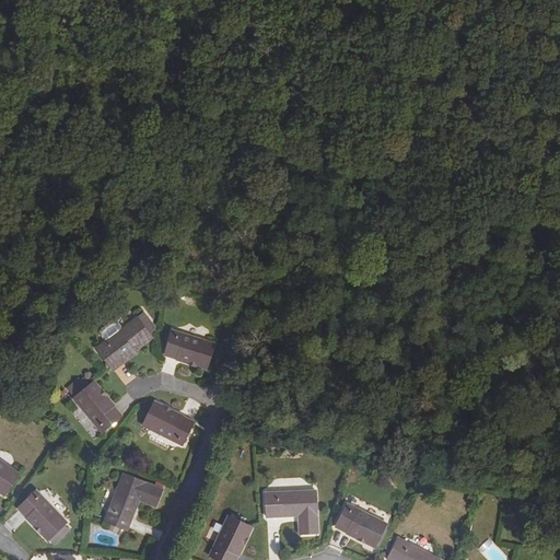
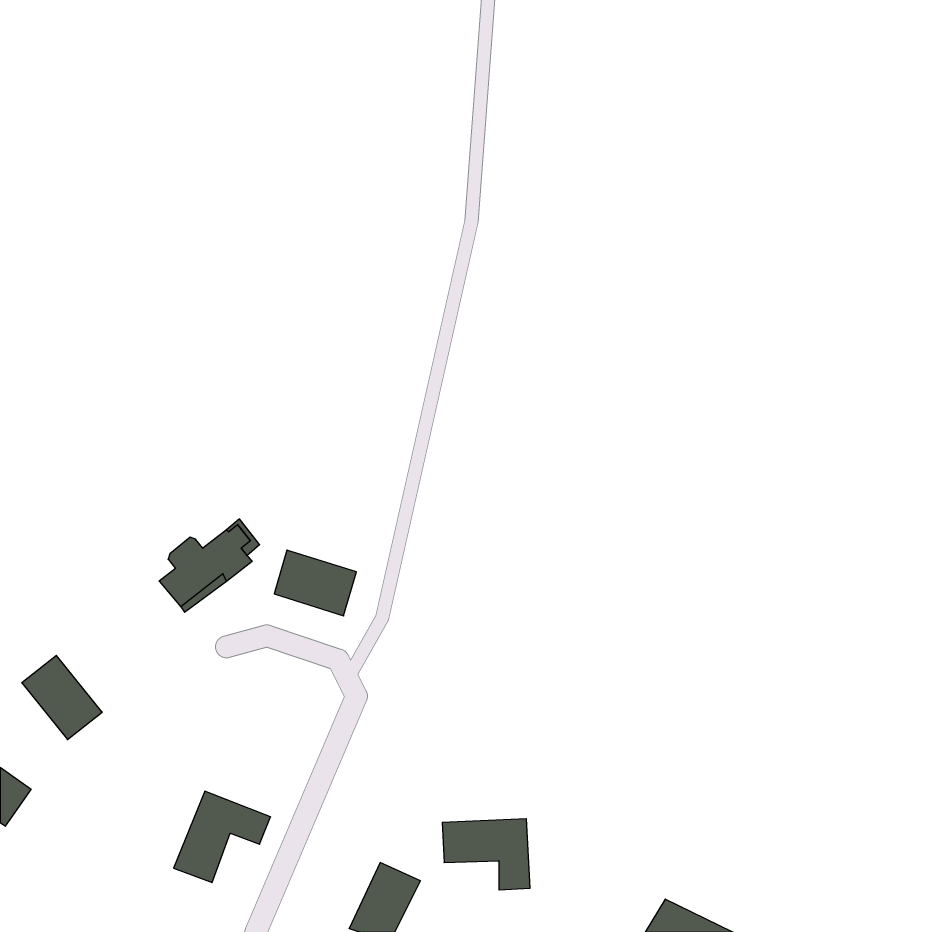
building: [73,381,121,431] -> [22,655,102,740]
building: [143,400,192,444] -> none
building: [18,490,67,539] -> none
building: [335,503,386,547] -> none

